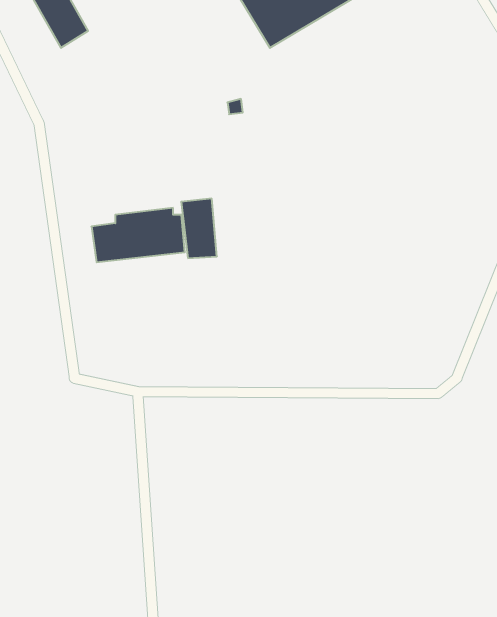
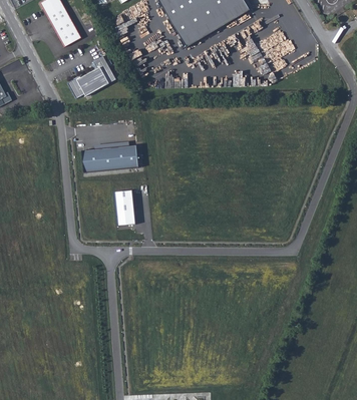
building: none -> [67,56,115,98]
building: [181,199,217,258] -> [114,190,135,226]

